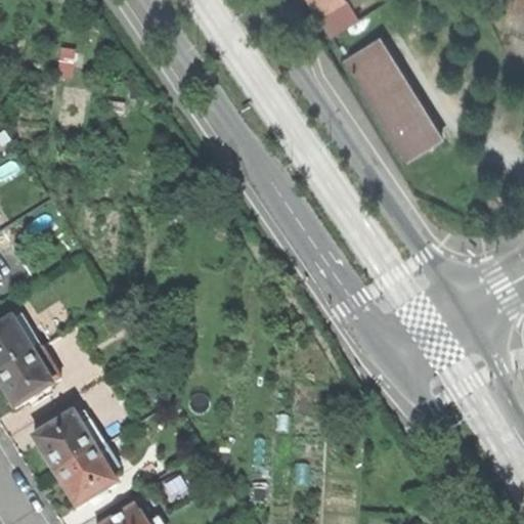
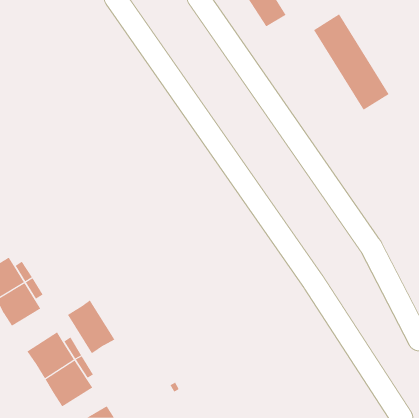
building: [343,34,438,155] -> [313,14,390,111]
building: none -> [67,300,115,354]

